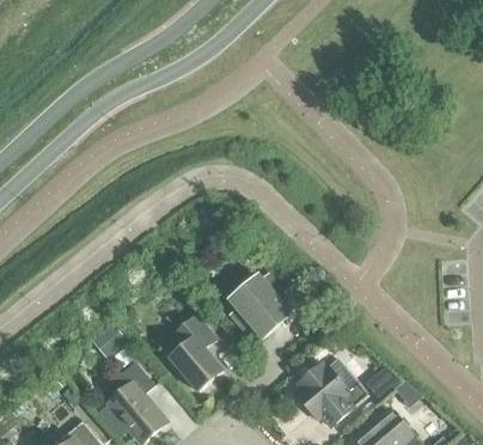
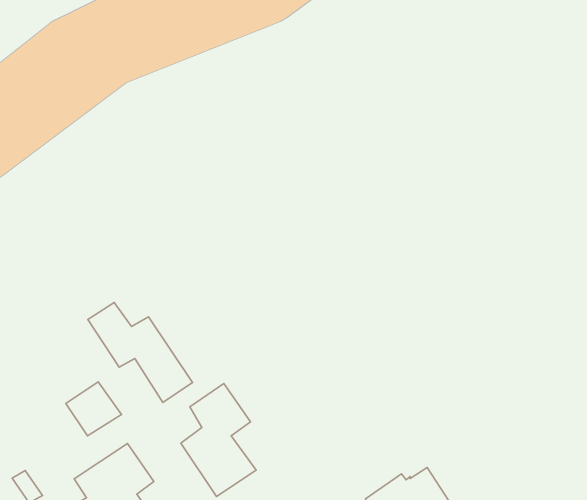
building: none -> [88,302,193,403]
building: [231,276,291,337] -> none

